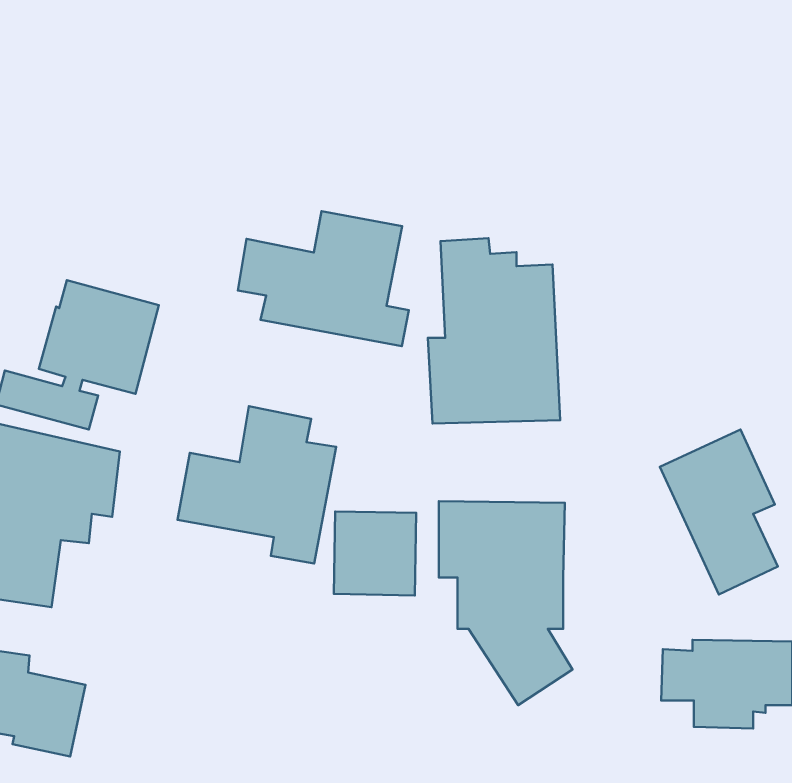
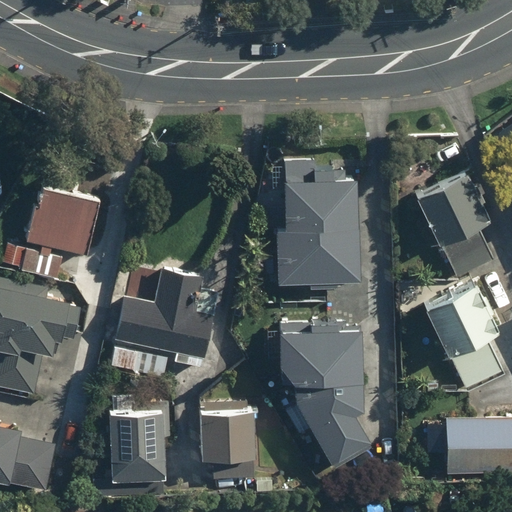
building: [238,211,409,346] -> none
building: none -> [416,171,495,279]
building: [334,511,416,595] -> [200,406,253,460]
building: none -> [109,401,165,480]

